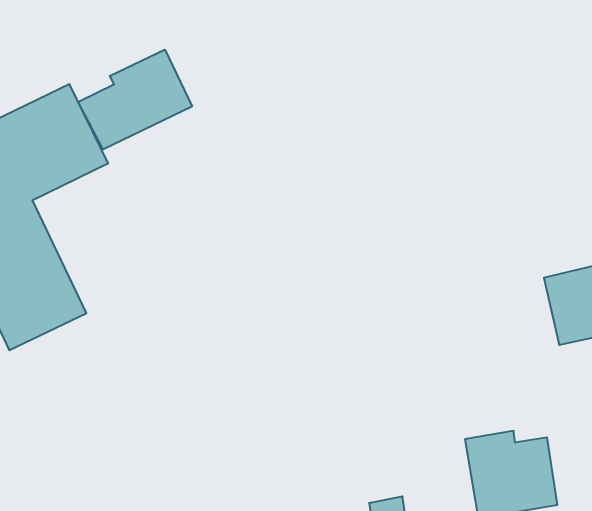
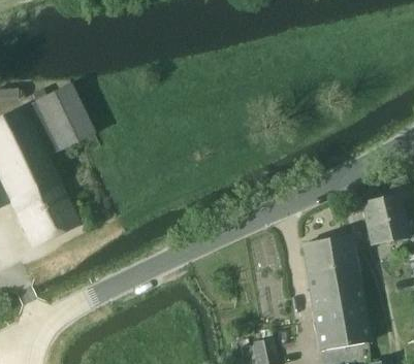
building: [78,50,192,149] -> none
building: none -> [302,234,363,303]

